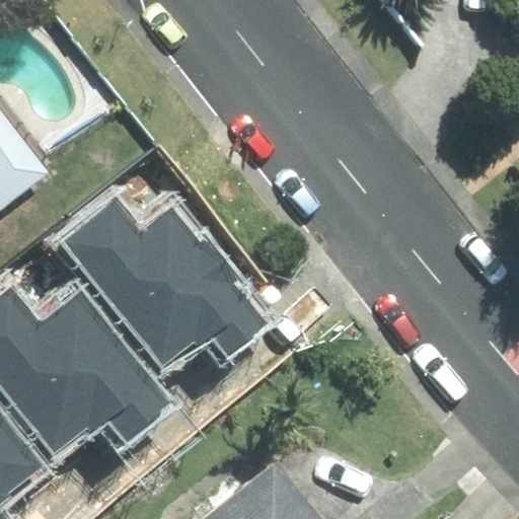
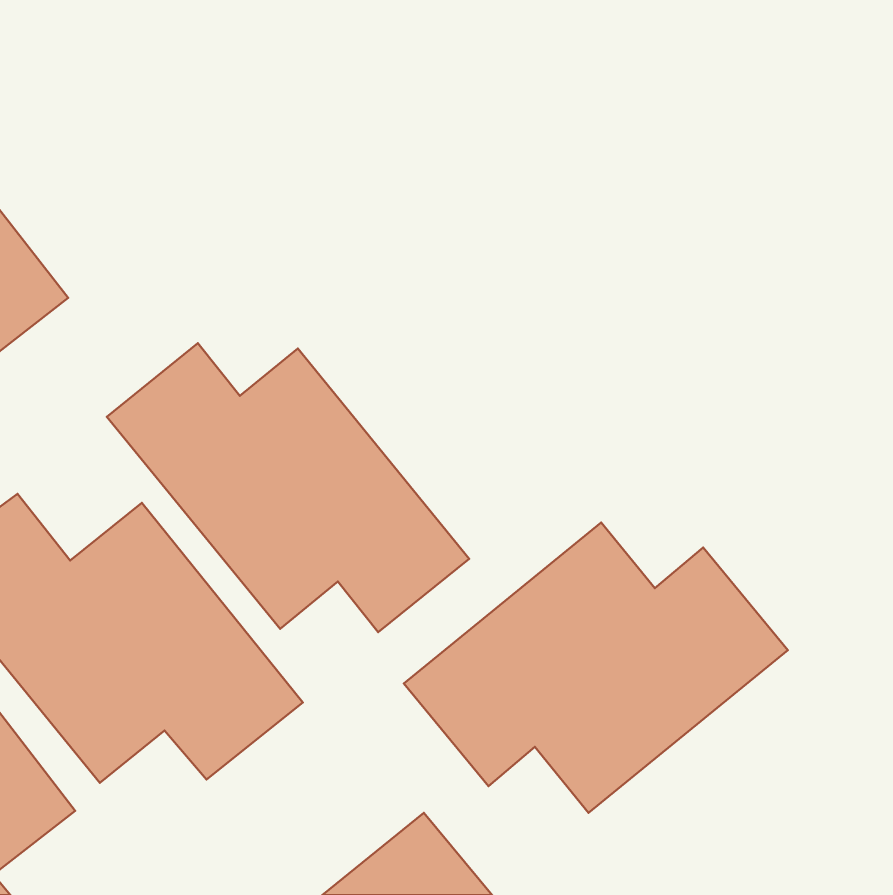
building: none -> [404,522,788,813]

